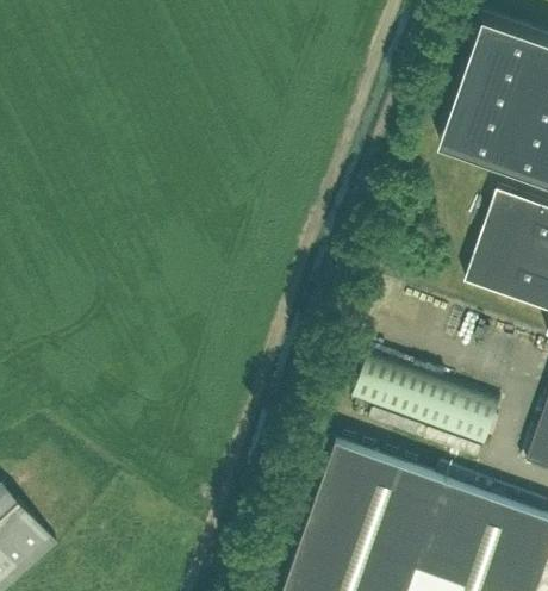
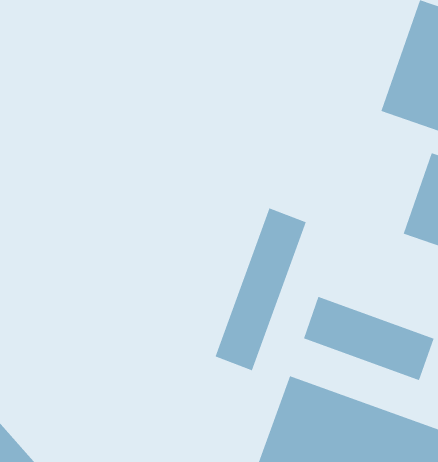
building: none -> [215,207,307,371]

